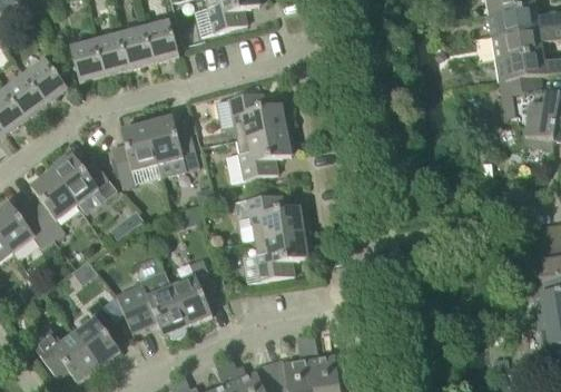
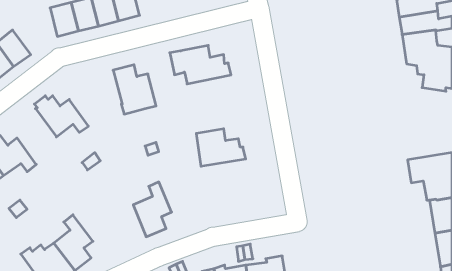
building: [24,58,68,104] -> none
building: [111,122,158,186] -> none
building: [226,128,293,182] -> none
building: [30,169,78,237] -> none
building: [254,231,311,281] -> none
building: [116,270,187,337] -> none

